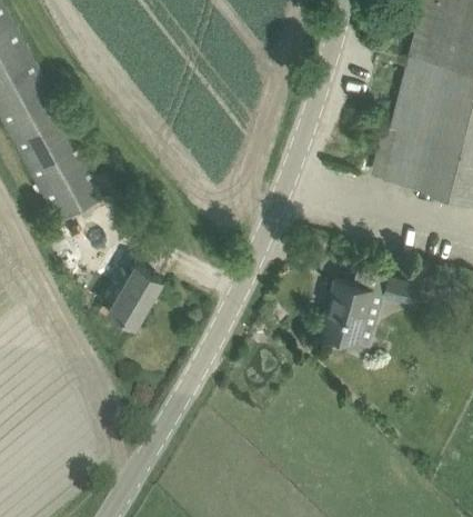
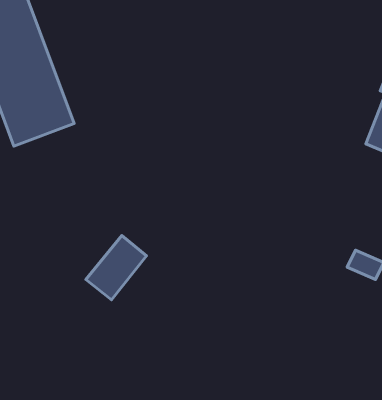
building: [109,267,162,328] -> [86,236,147,300]
building: [321,285,371,345] -> none

